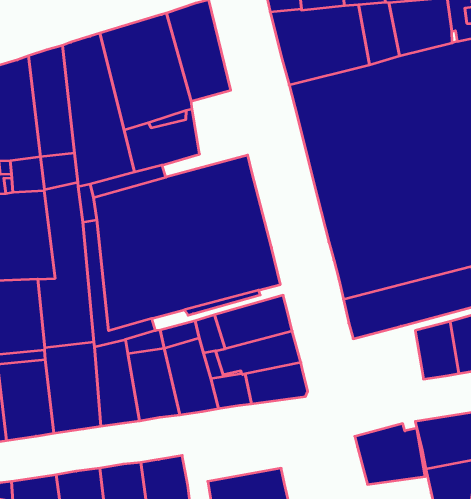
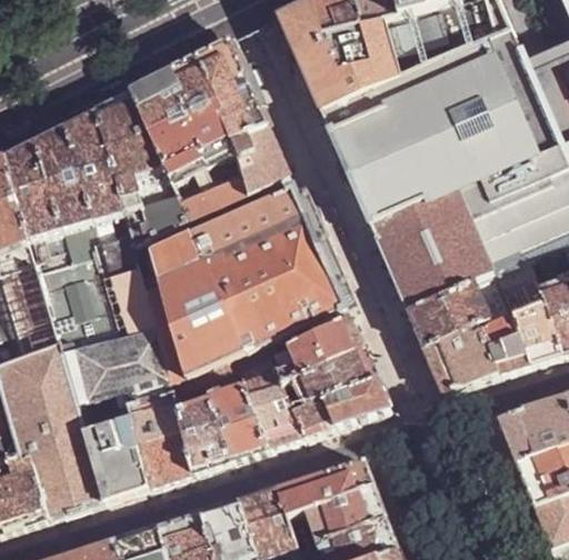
building: none -> [228,126,286,192]
building: [355,424,425,484] -> [422,327,497,391]
building: none -> [276,459,373,514]

